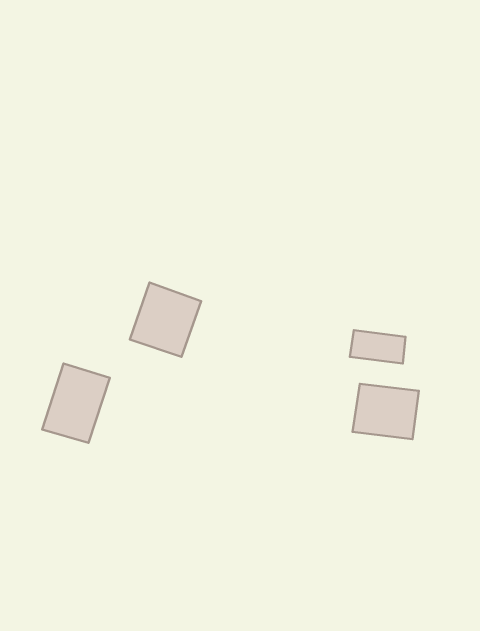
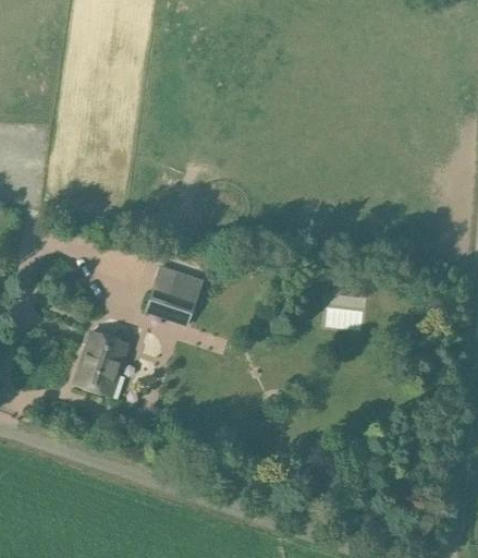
building: [353,384,419,439] -> none

